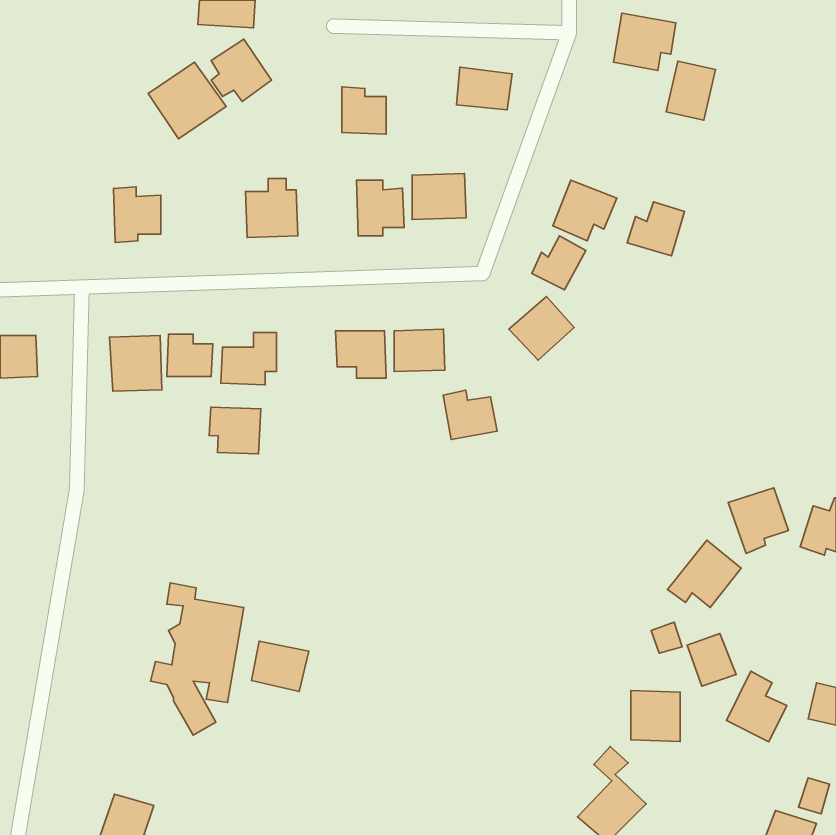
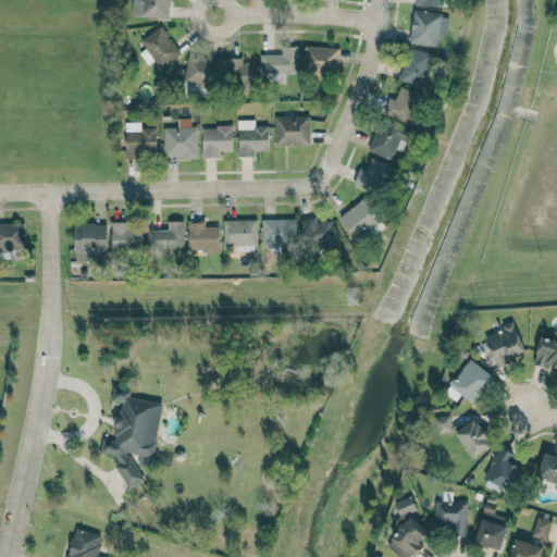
building: [666,61,715,120] -> [400,49,433,88]
building: [148,62,226,139] -> none
building: none -> [260,48,299,76]
building: none -> [183,57,222,90]
building: [113,187,161,242] -> [125,123,157,160]
building: none -> [201,127,233,159]
building: [627,202,685,256] -> [383,88,421,124]
building: none -> [188,223,220,252]
building: [443,390,497,439] -> [301,218,337,250]
building: [209,407,261,454] -> none
building: [252,641,309,692] -> none
building: [631,691,680,741] -> [434,502,467,535]
building: none -> [474,511,509,550]

